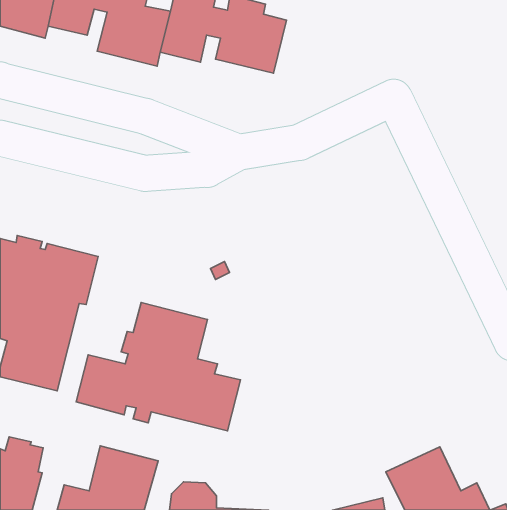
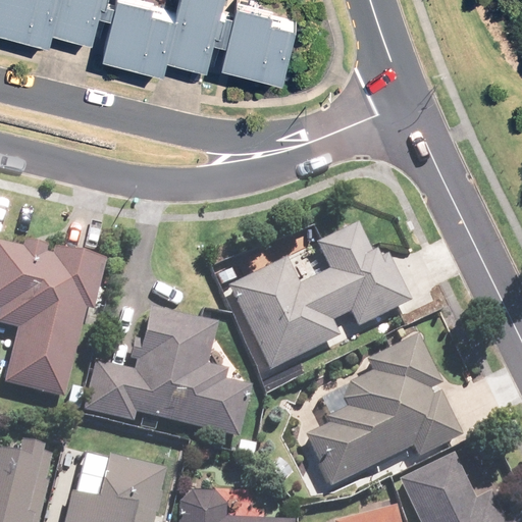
building: none -> [227,222,411,371]
building: none -> [304,335,461,487]

